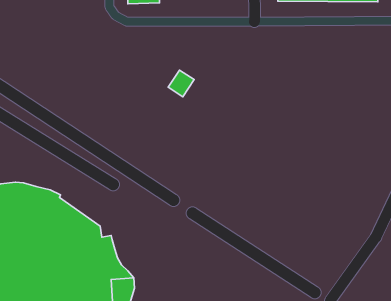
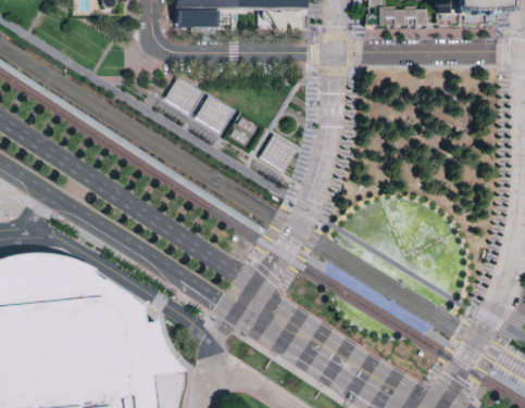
building: none -> [165,75,235,130]
building: none -> [261,133,298,173]

